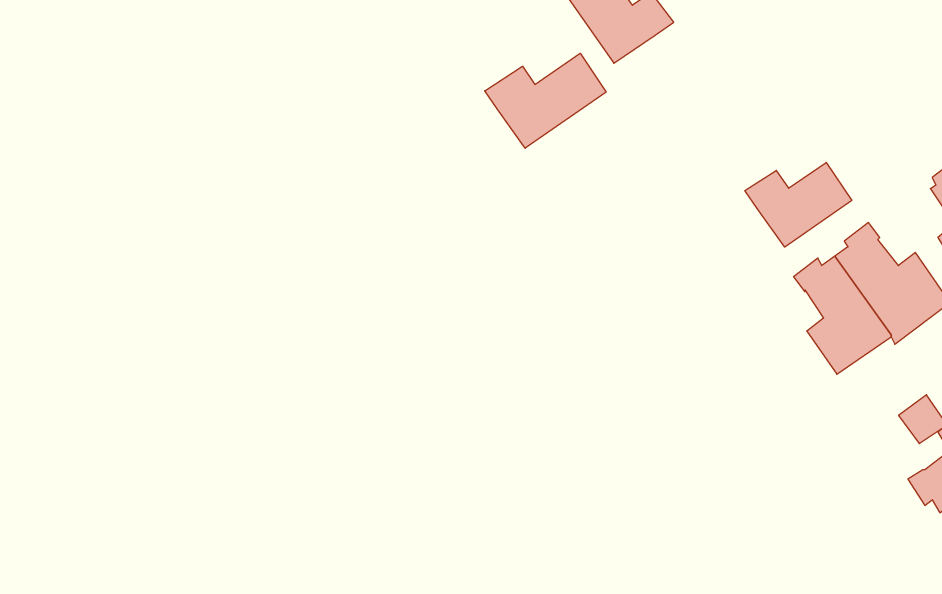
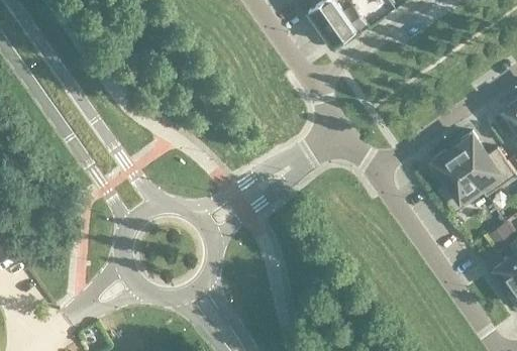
building: [485,53,606,148] -> none
building: [745,162,852,247] -> none

